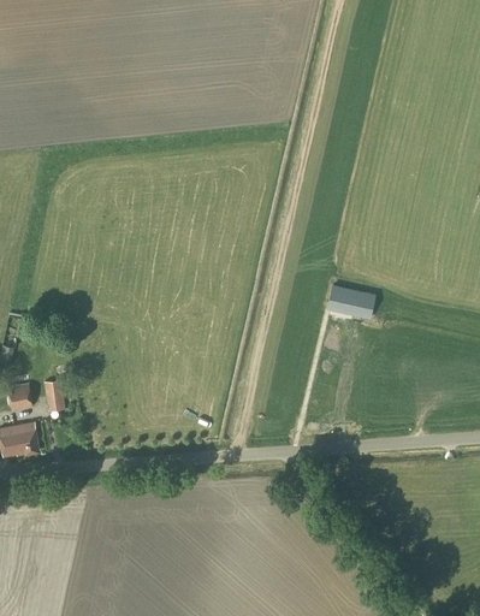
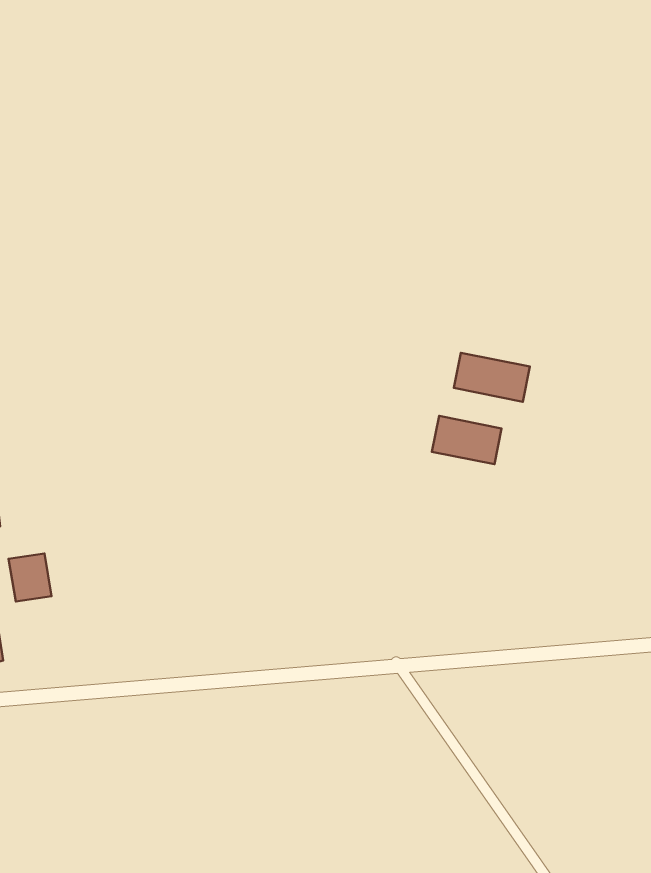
building: none -> [454,353,530,402]

